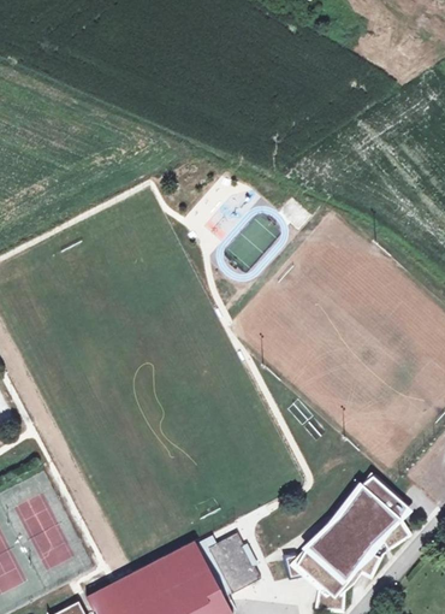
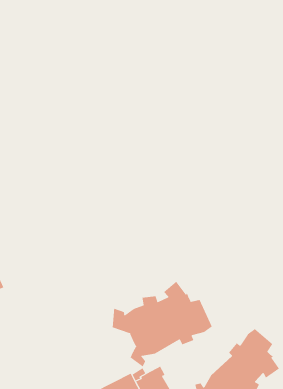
building: none -> [112,281,212,368]

